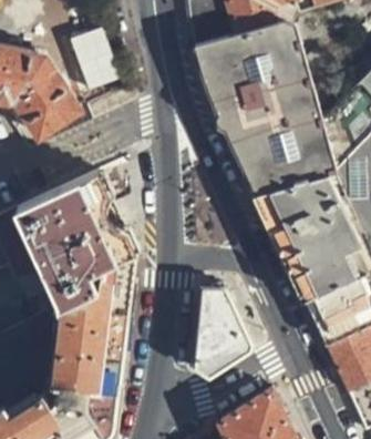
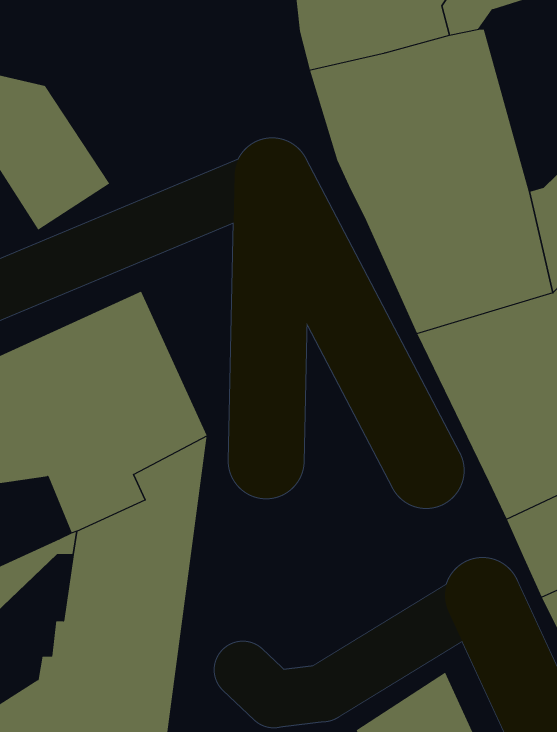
building: [68,29,118,92] -> none
building: [194,288,250,377] -> none

